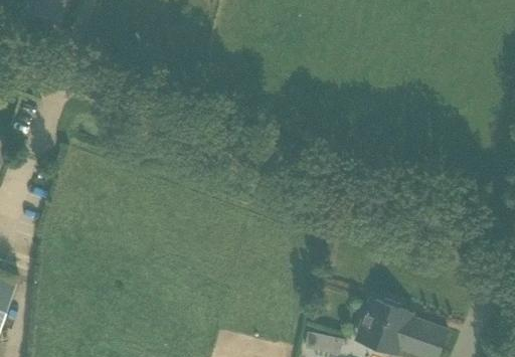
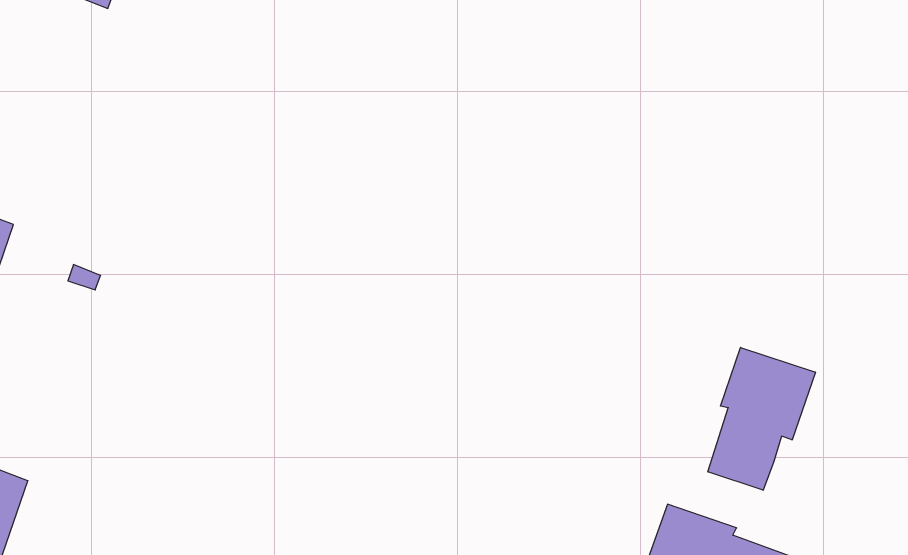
building: none -> [708,347,815,490]

